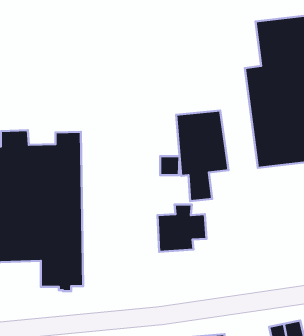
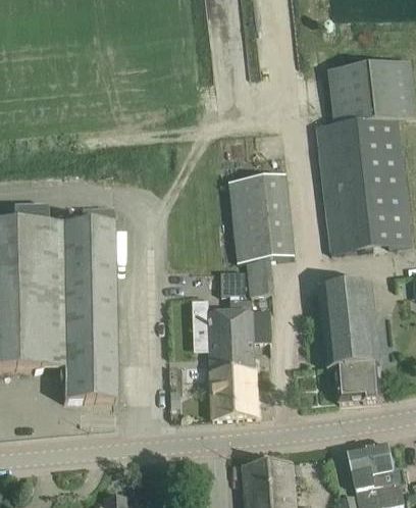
building: [160,156,180,175] -> [221,270,246,294]
building: none -> [318,280,381,401]
building: none -> [210,353,257,418]

